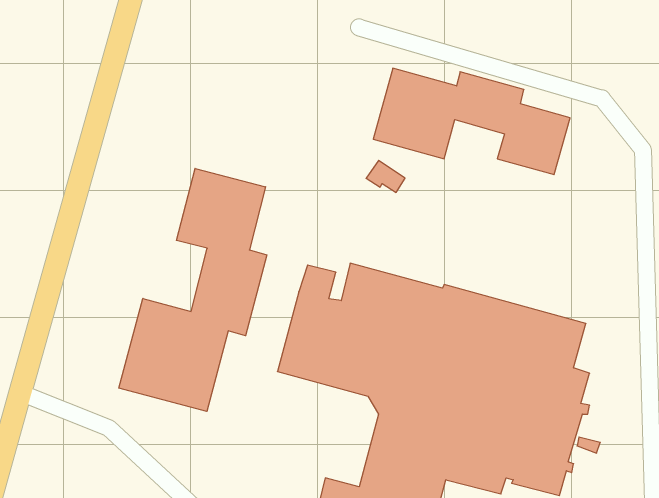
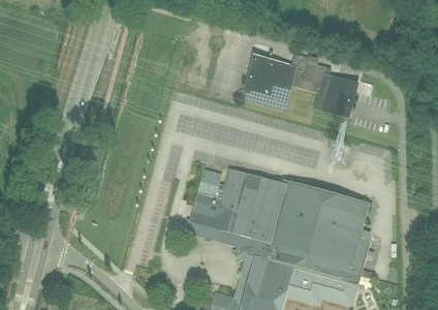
building: [119,168,267,411] -> none

